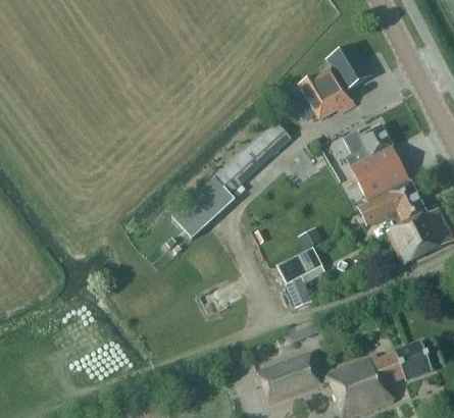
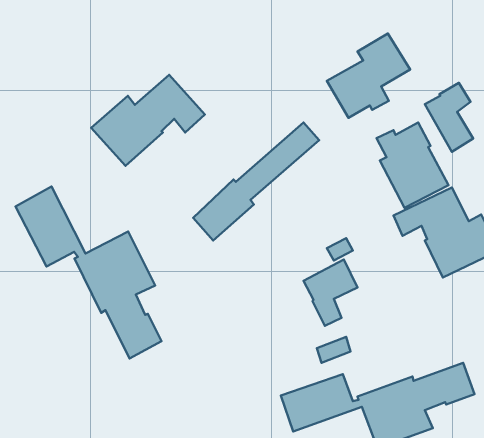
building: none -> [91,75,205,166]
building: none -> [425,83,473,152]
building: none -> [15,186,162,359]

